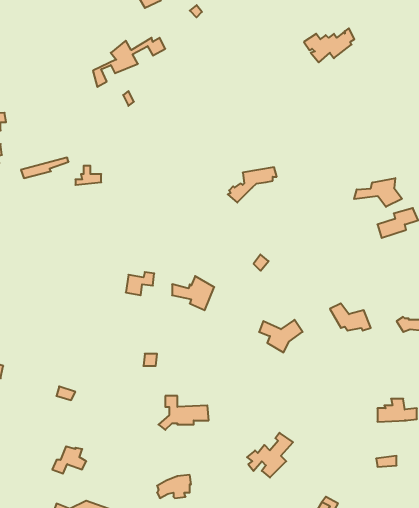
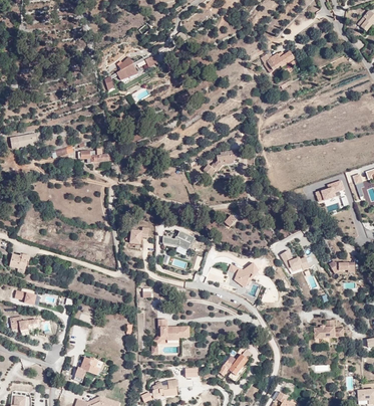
building: [354,178,402,207] -> none

